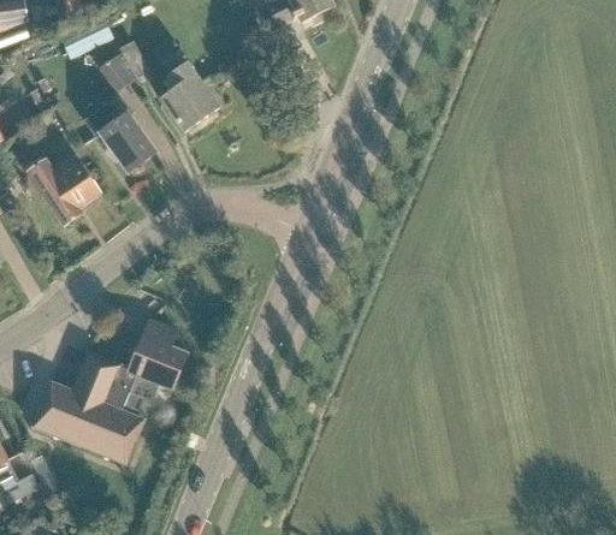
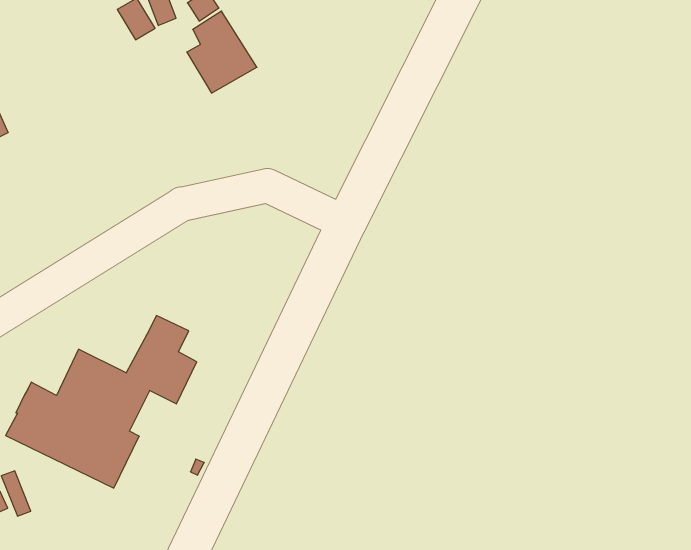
building: [83,93,153,171] -> none
building: [26,154,97,224] -> none

